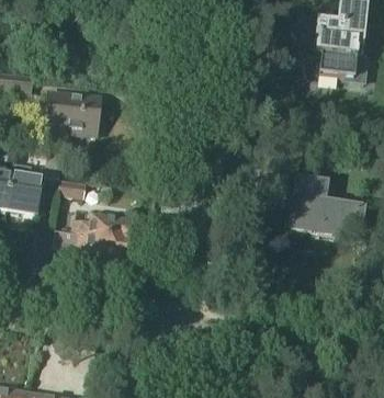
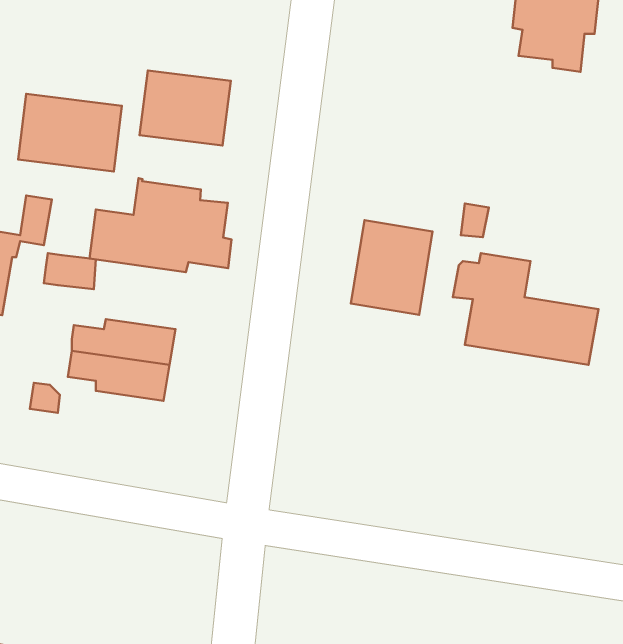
building: none -> [140,70,231,146]
building: none -> [90,178,231,272]
building: none -> [351,220,433,315]

